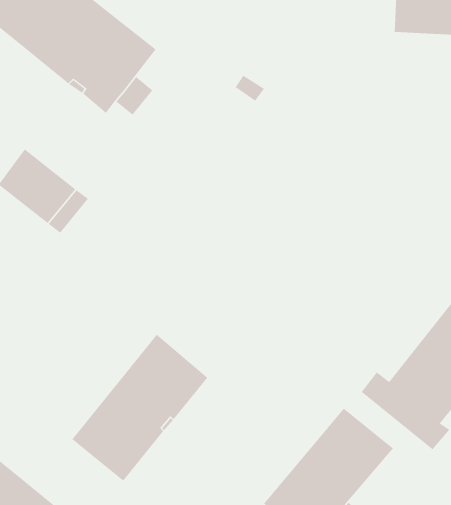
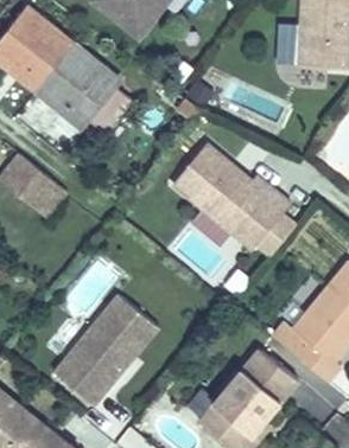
building: none -> [172,142,290,249]

